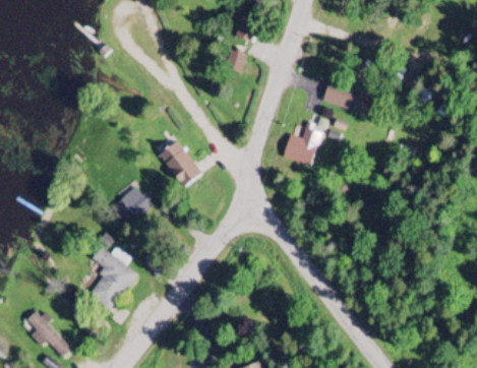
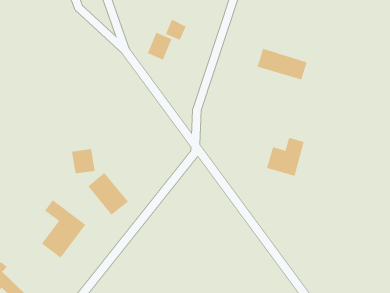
building: none -> [147,32,172,61]
building: [283,123,324,166] -> [266,137,304,177]
building: [158,139,202,186] -> [88,172,129,216]

